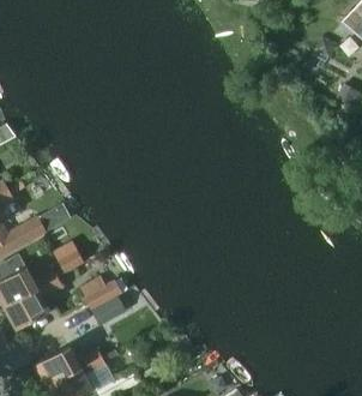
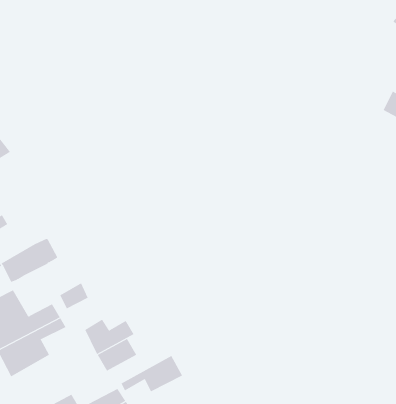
building: none -> [121,355,183,392]

